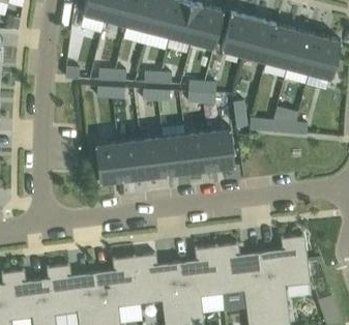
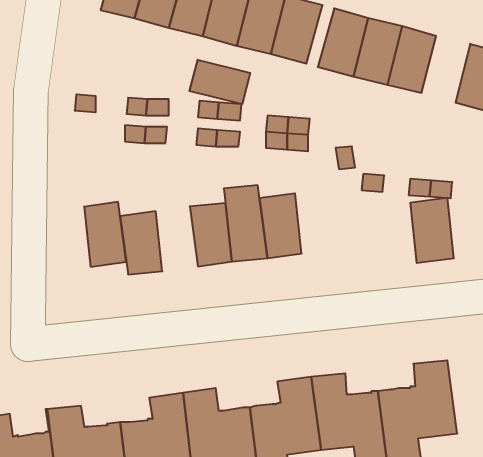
building: [287,31,318,73] -> none
building: none -> [189,60,250,104]
building: [206,128,234,170] -> [410,198,454,263]
building: [117,140,144,181] -> [84,202,126,267]

